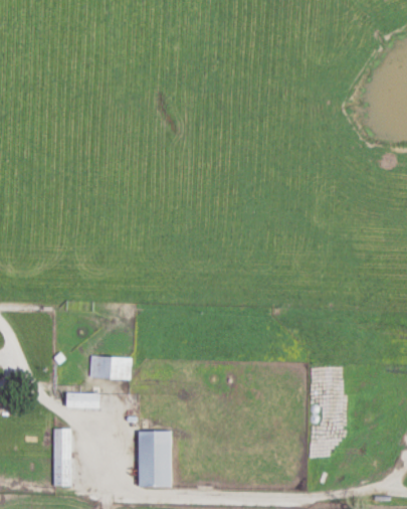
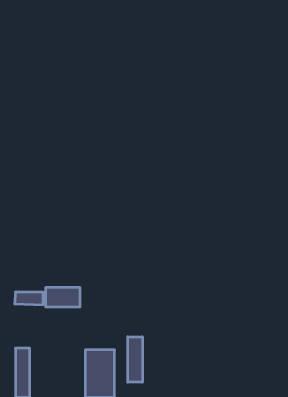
building: [65,393,99,408] -> [15,292,43,305]
building: none -> [128,337,142,382]

